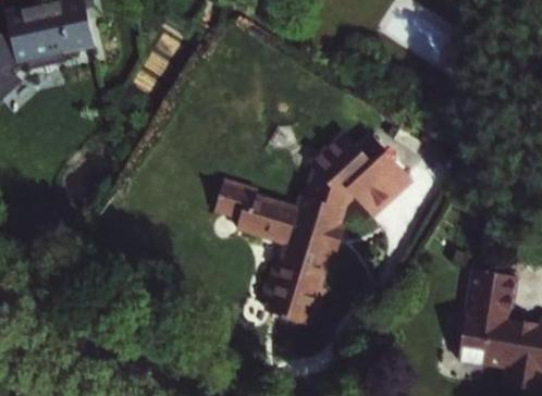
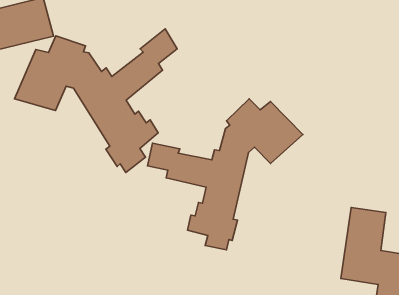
building: none -> [15,29,177,173]

